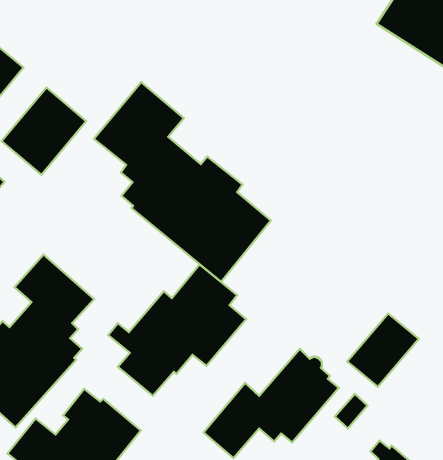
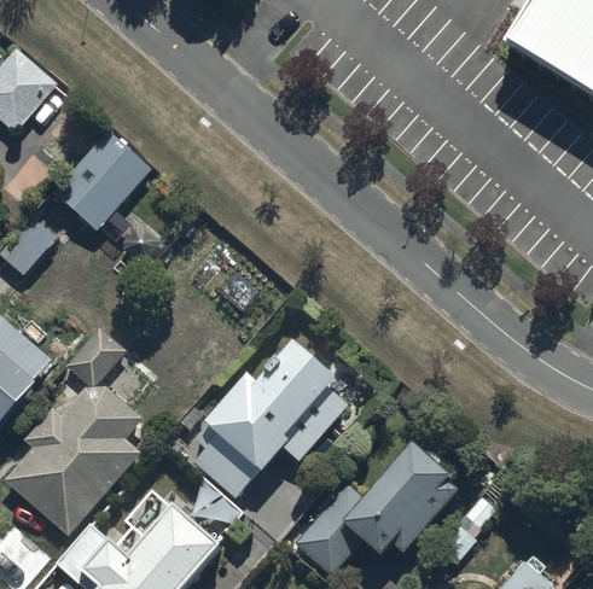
building: [94,82,271,282] -> none
building: [347,313,419,387] -> none

